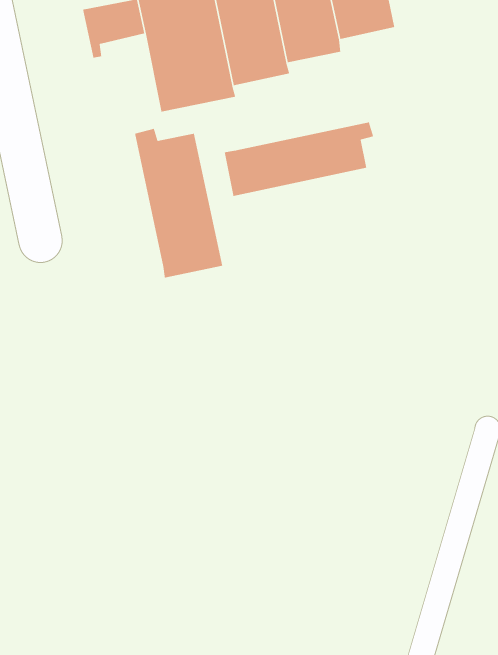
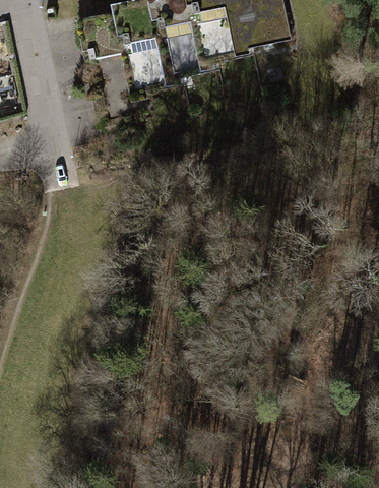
building: [224,121,374,197] -> none
building: [134,128,223,278] -> none

